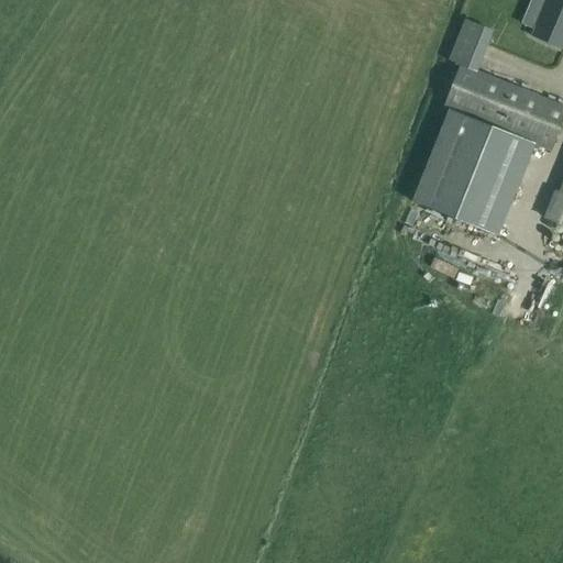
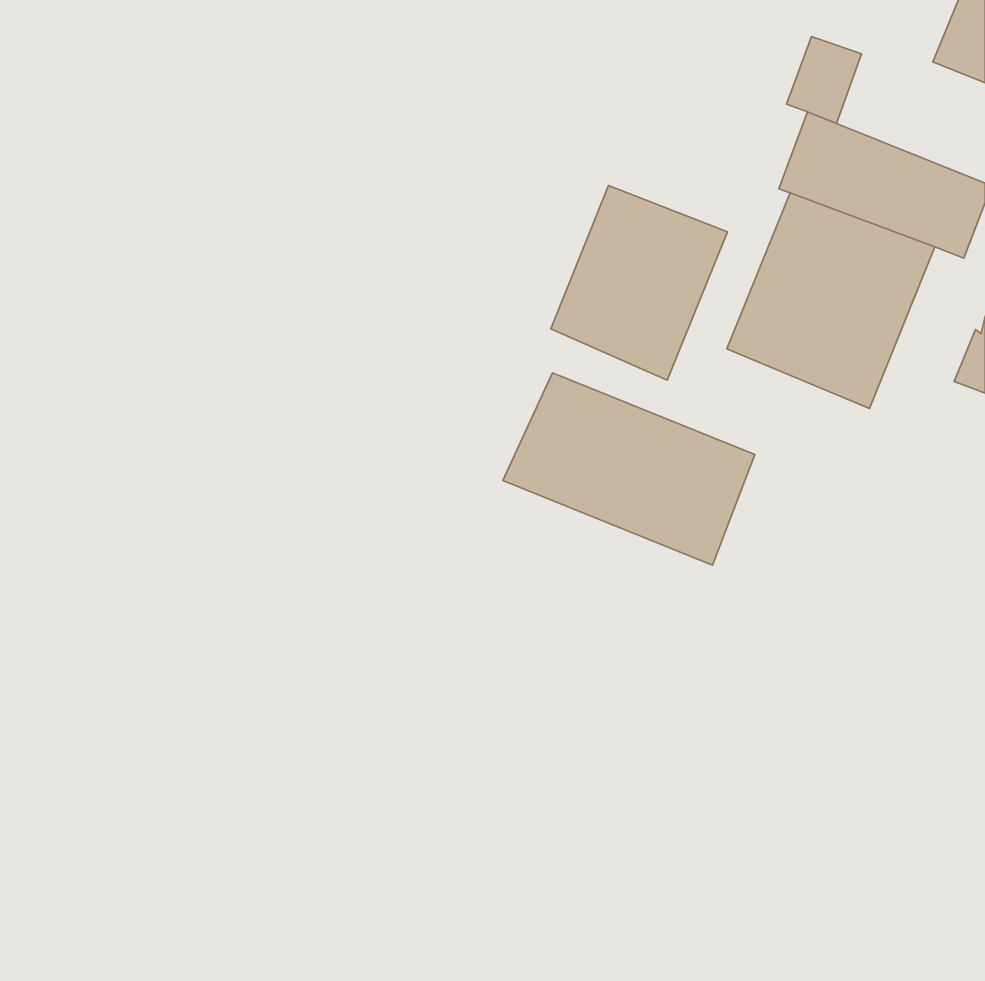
building: none -> [551,186,727,380]
building: none -> [503,373,755,565]

